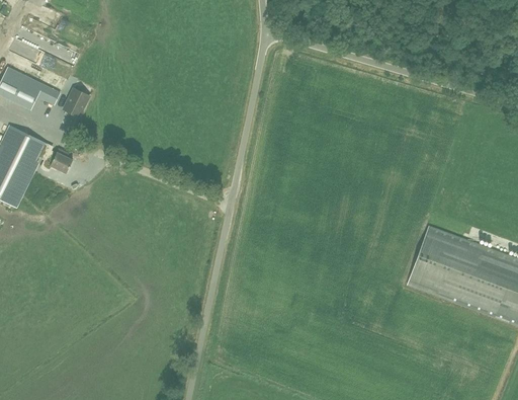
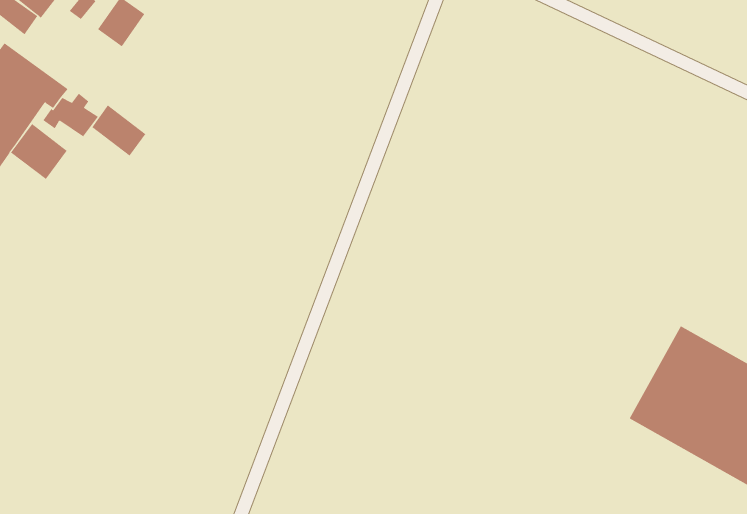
building: none -> [91,105,146,157]
building: none -> [10,123,68,180]

